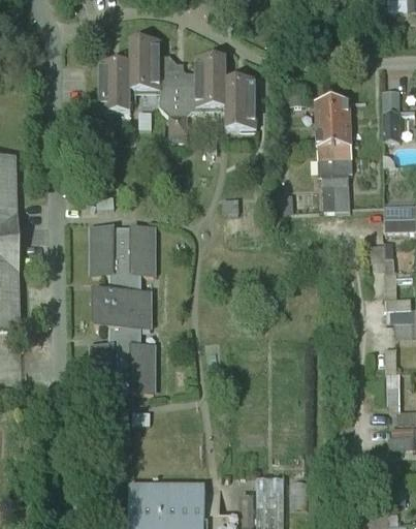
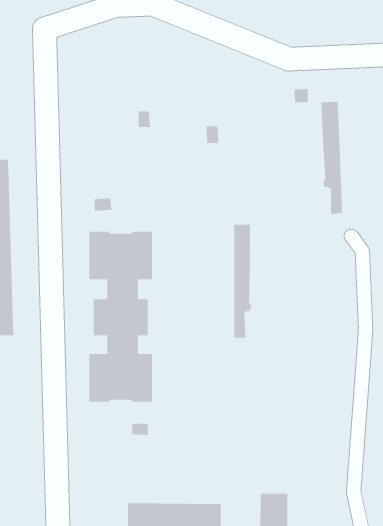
building: [100,40,256,142] -> none
building: [332,101,352,206] -> none
building: none -> [234,224,252,339]

